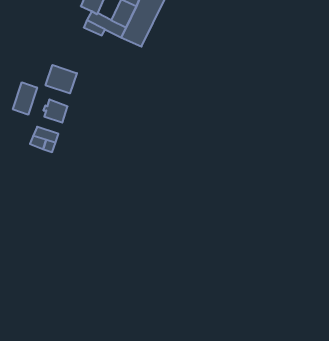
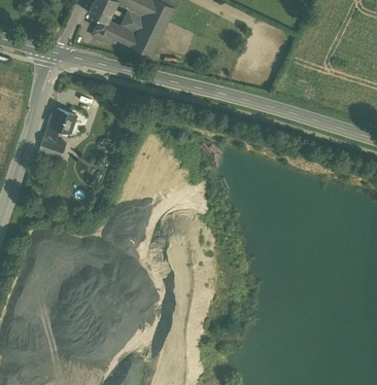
building: [46,65,77,93] -> none
building: [13,82,37,115] -> none

